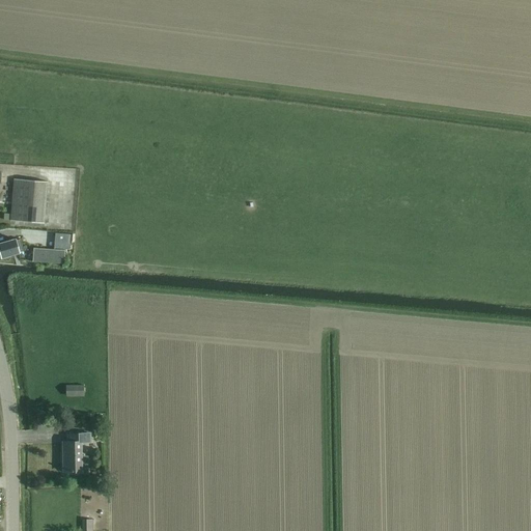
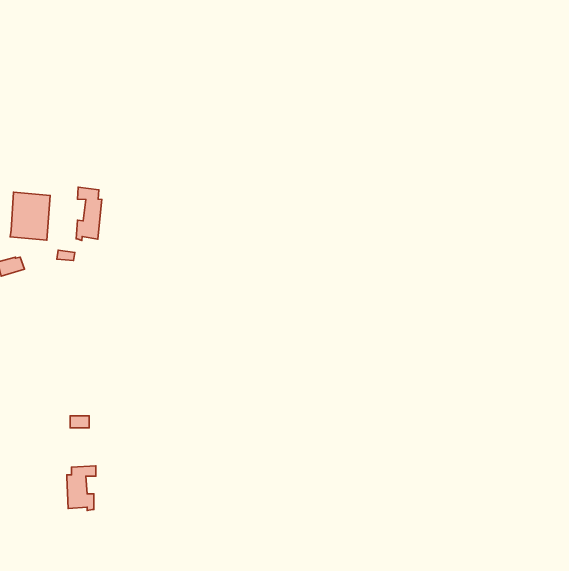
building: none -> [76,187,102,241]
building: [31,247,64,263] -> none

